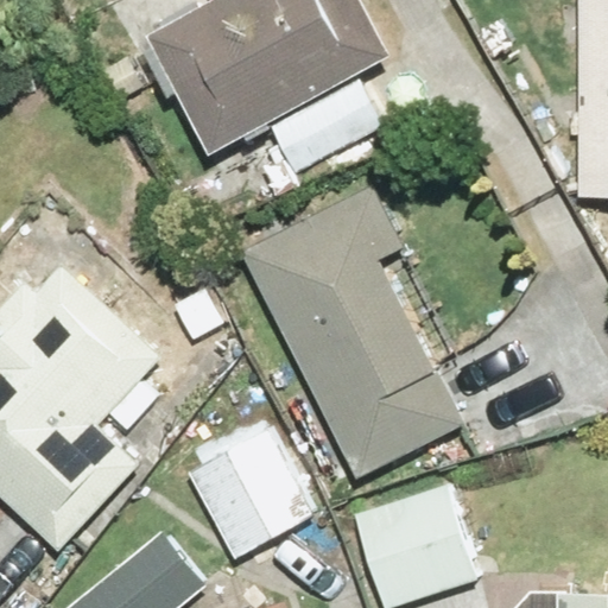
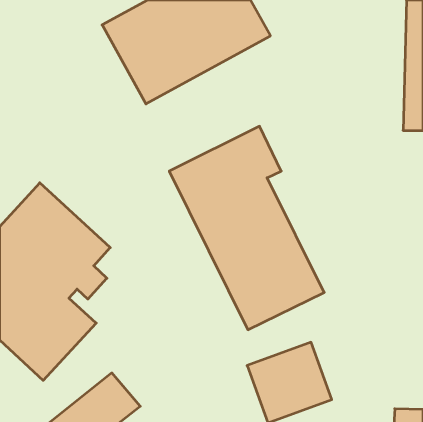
building: [189,428,317,560] -> none

